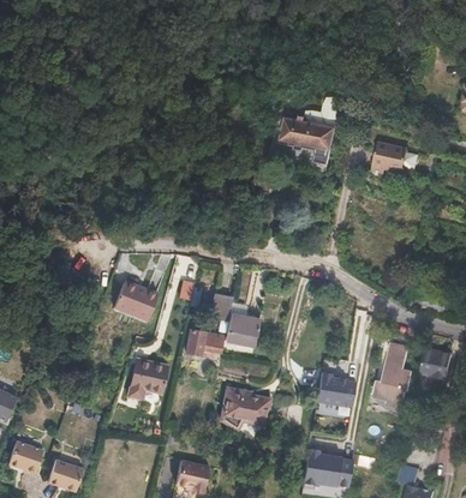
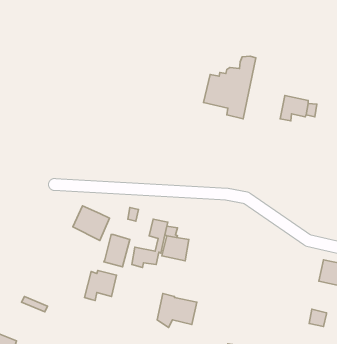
building: none -> [104,234,130,267]
building: [372,341,411,403] -> none
building: [317,373,357,407] -> none

